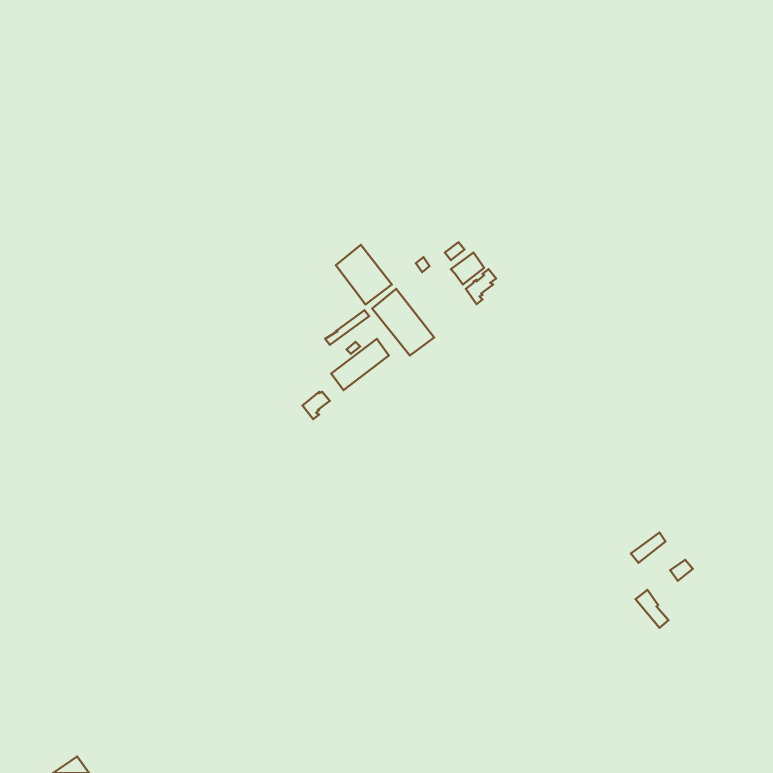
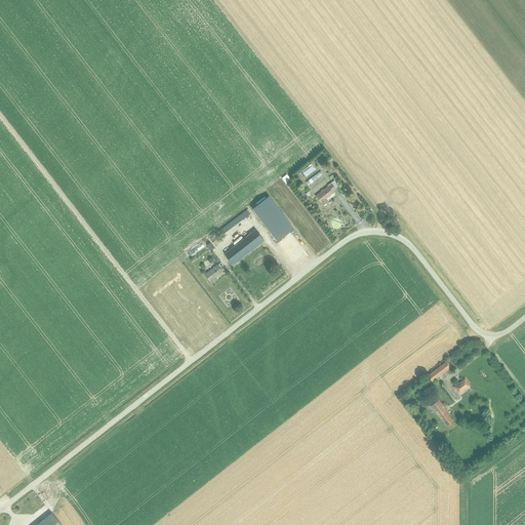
building: [336,245,392,304] -> none

